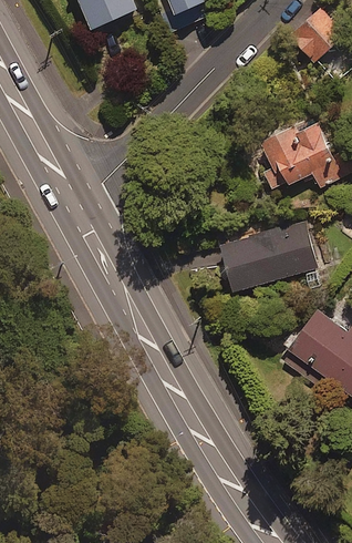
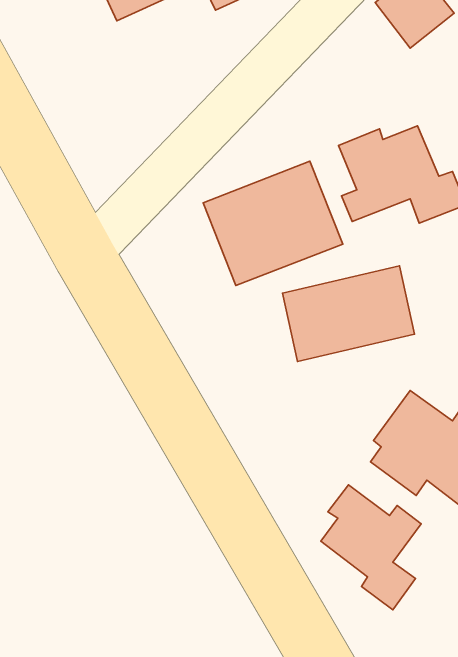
building: none -> [203,161,343,285]
building: none -> [321,485,421,610]

